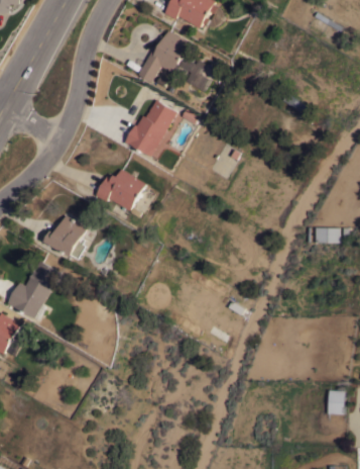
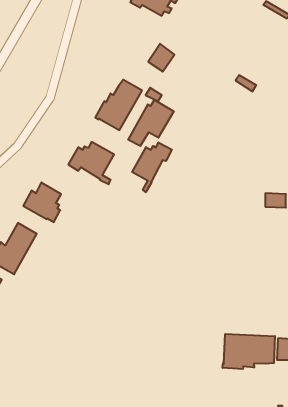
building: [138,30,190,82] -> [128,100,174,146]
building: none -> [132,142,172,192]
building: none -> [223,334,275,369]

